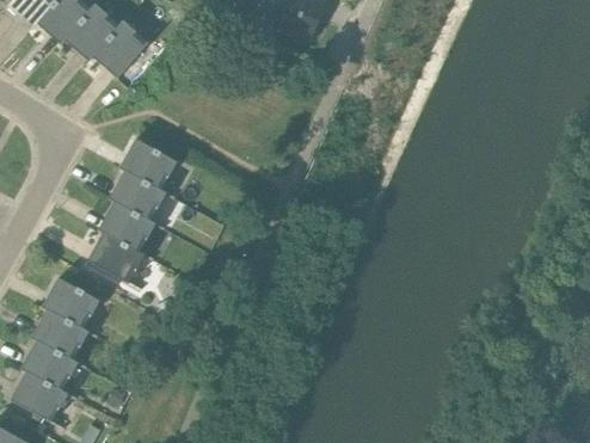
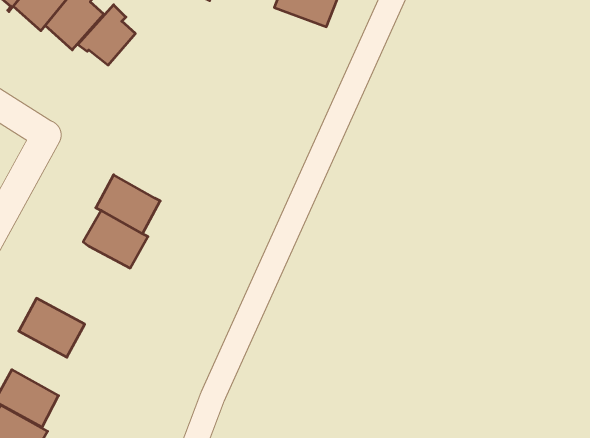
building: [123,139,177,190] -> none
building: [88,232,145,283] -> none
building: [32,308,88,358] -> none

